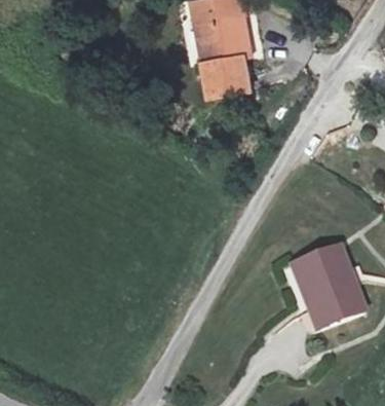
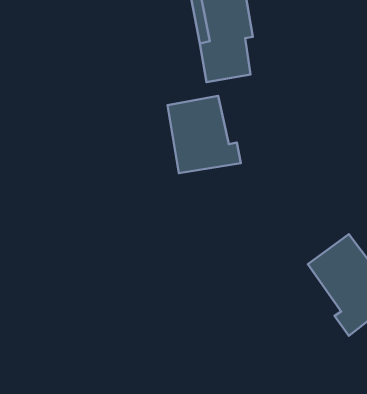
building: none -> [167,96,241,173]

